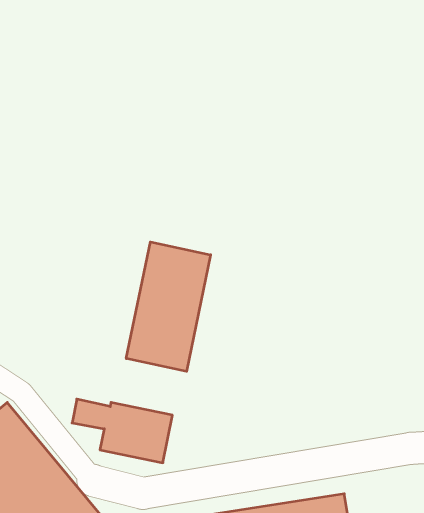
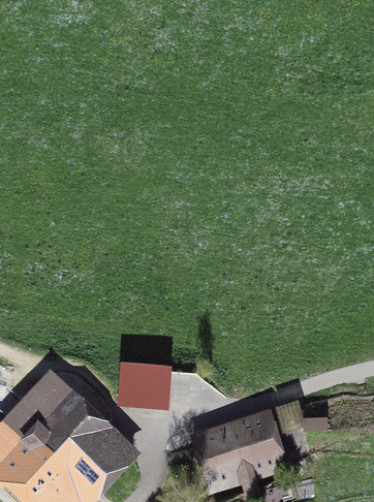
building: [126,242,211,371] -> none

